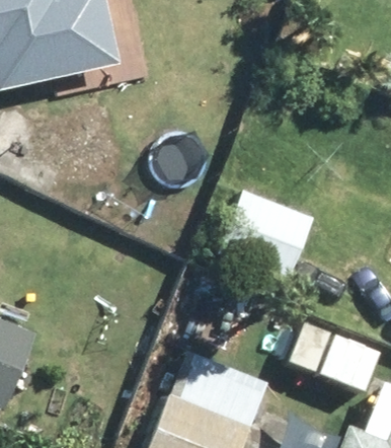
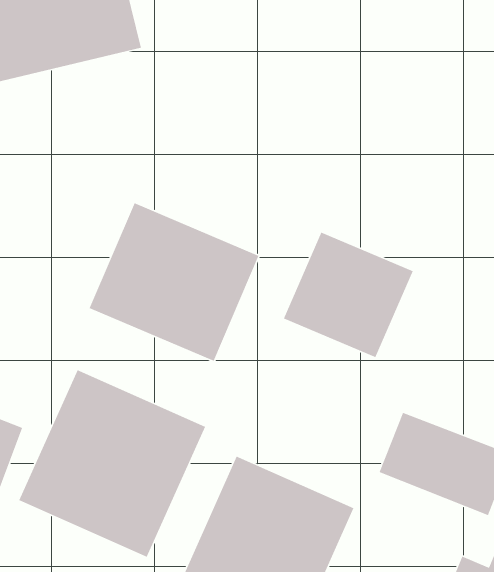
building: none -> [89,202,260,362]
building: none -> [18,369,206,558]

